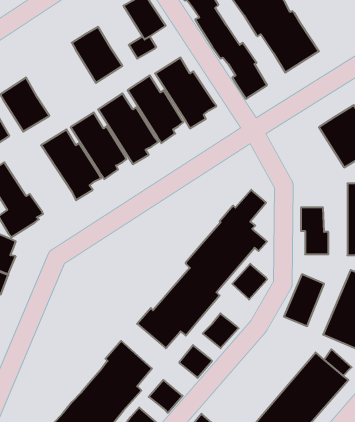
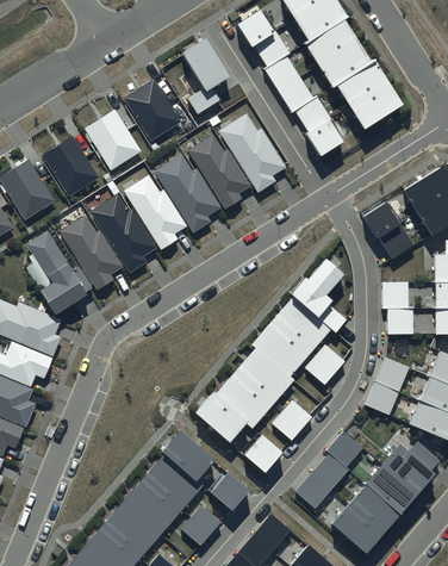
building: none -> [85,108,141,169]
building: none -> [363,204,413,259]
building: none -> [60,216,123,291]
building: none -> [295,430,362,509]

